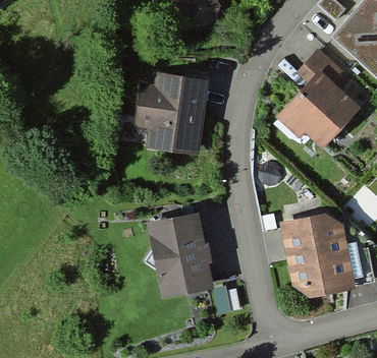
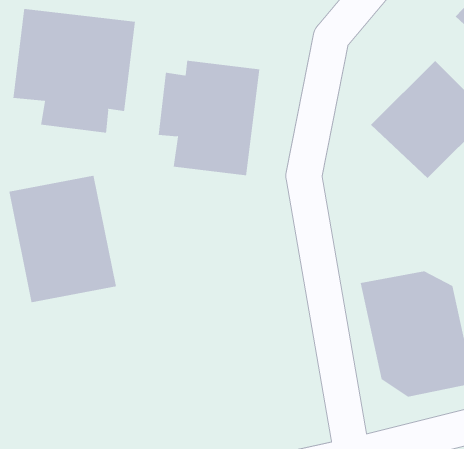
building: none -> [13,8,135,134]
building: [142,213,215,299] -> [8,175,117,303]

